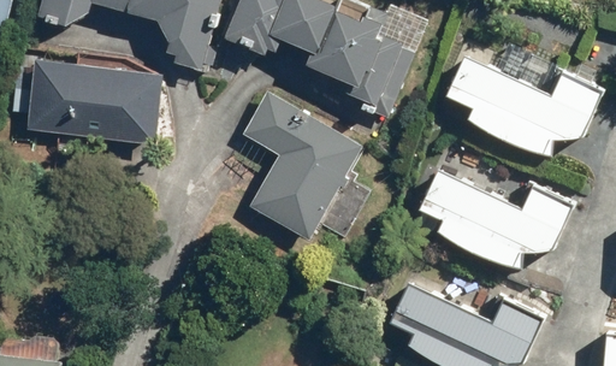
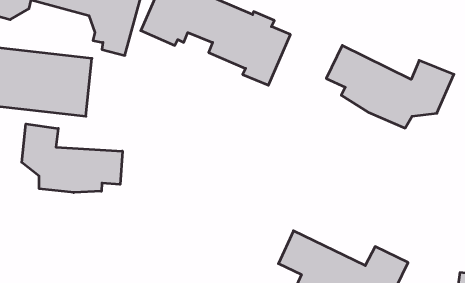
building: [242,89,365,238] -> none
building: none -> [22,124,122,193]
building: [419,171,571,270] -> none

